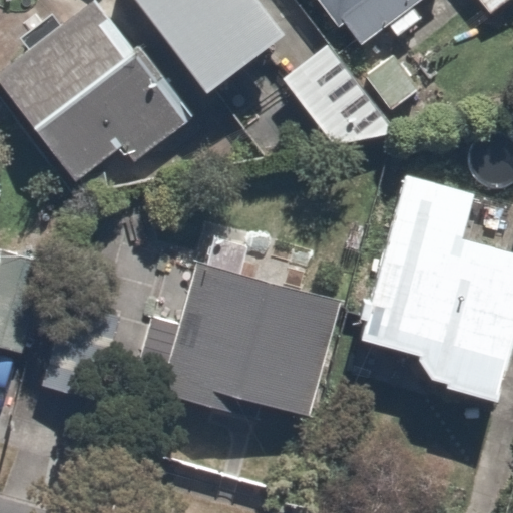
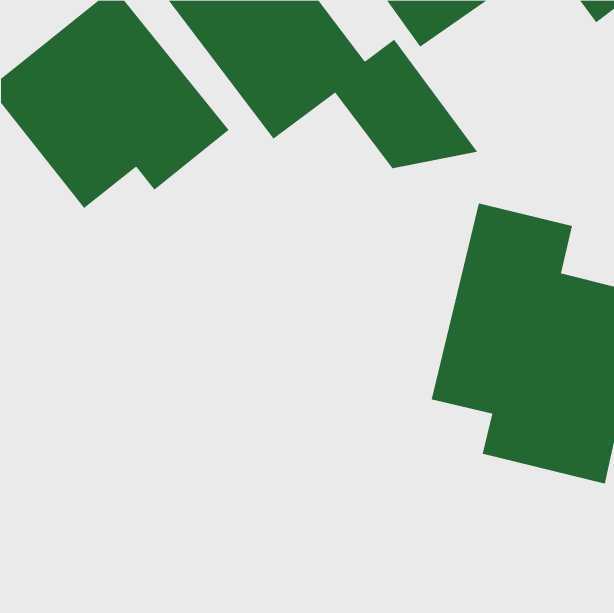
building: [131,258,329,423] -> none

